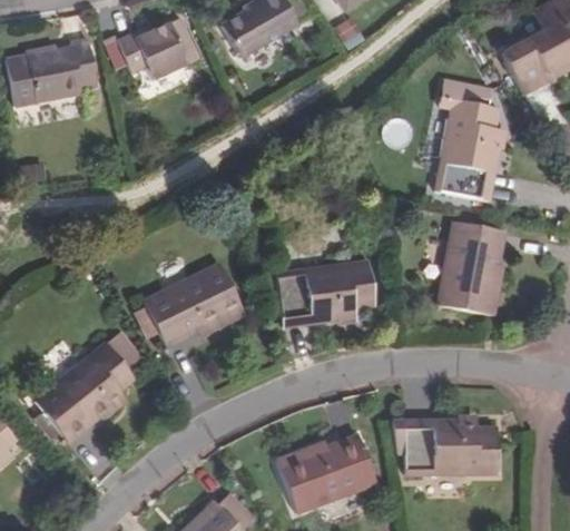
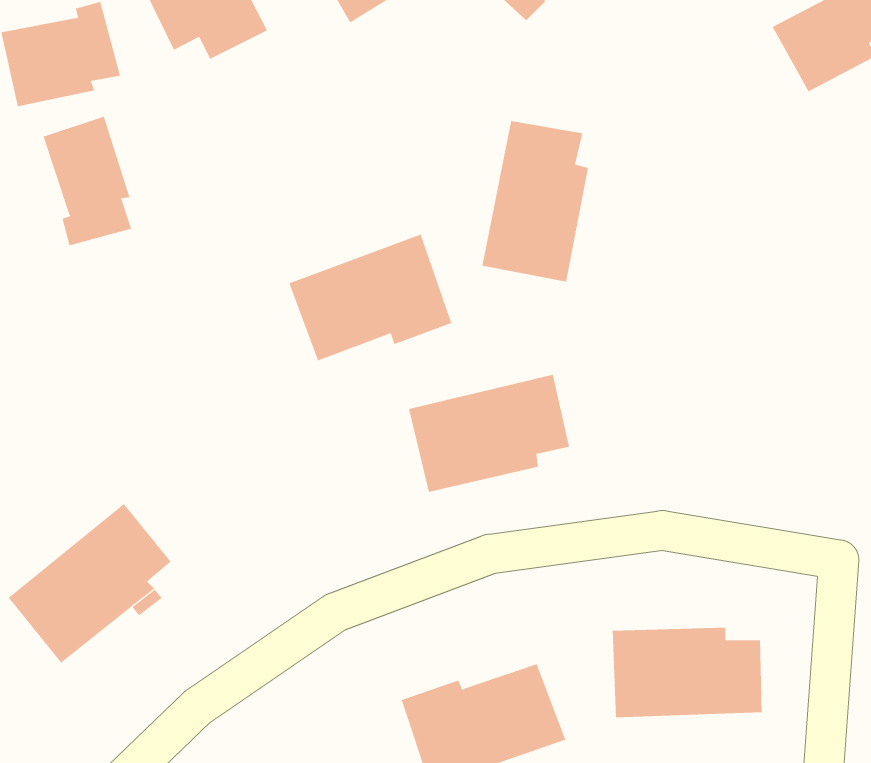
building: [435,99,501,198] -> [481,120,589,282]
building: none -> [43,116,132,246]
building: [439,219,505,314] -> none
building: [142,273,243,351] -> [288,234,452,361]

